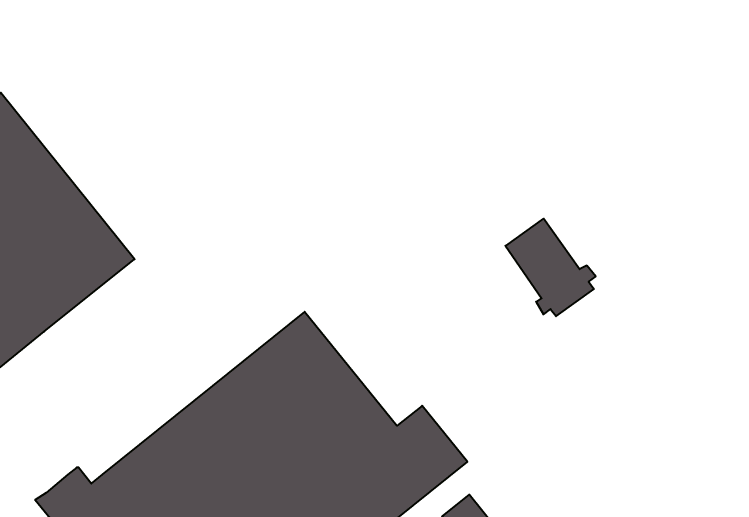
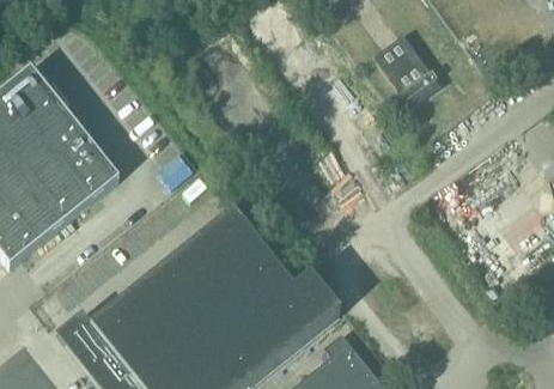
building: [505,219,596,316] -> [378,37,438,102]

